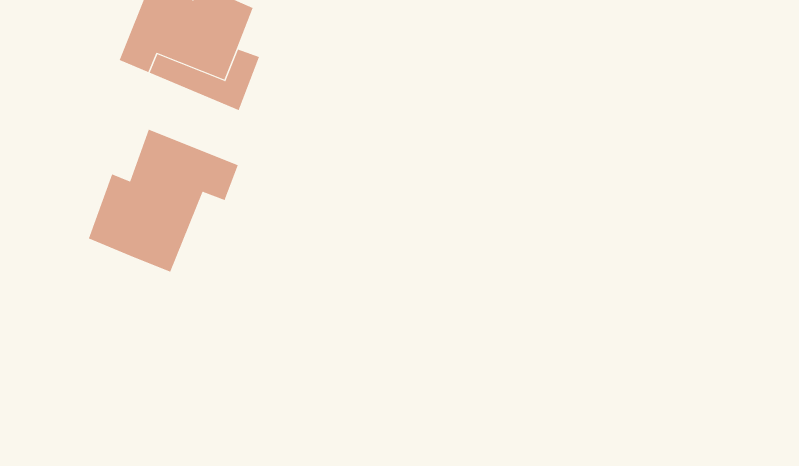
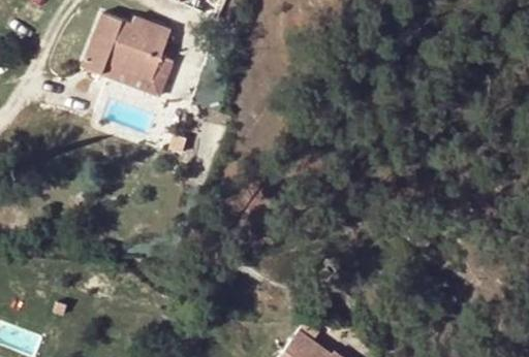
building: [88,129,238,273] -> none

